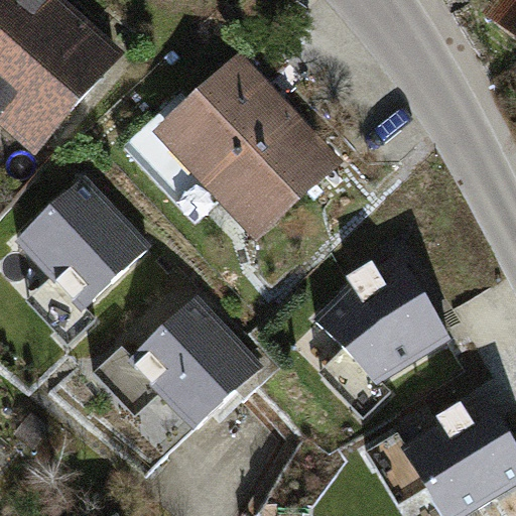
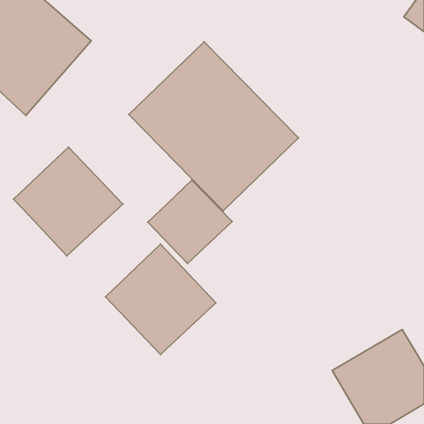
building: none -> [148,180,232,264]
building: [313,256,450,385] -> none

